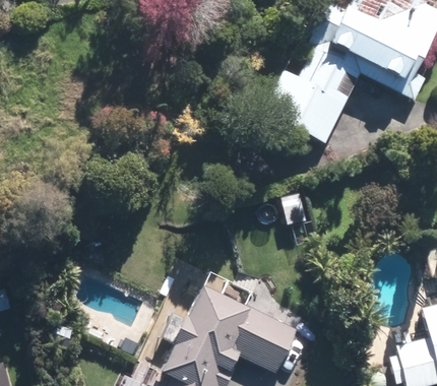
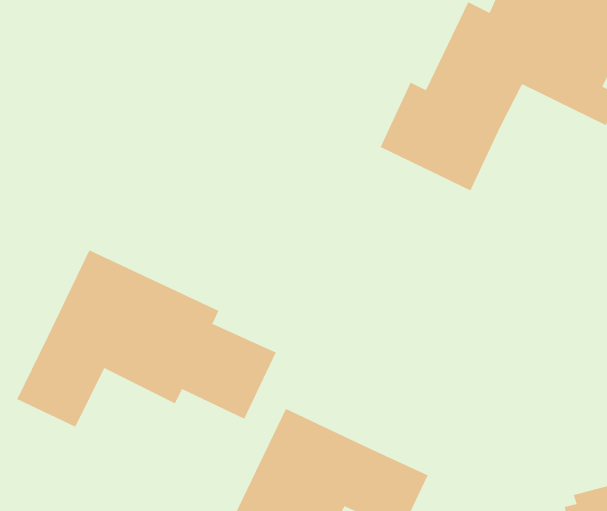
building: none -> [16,249,277,428]

